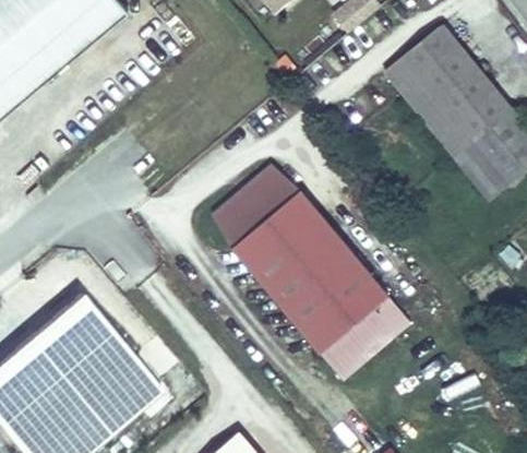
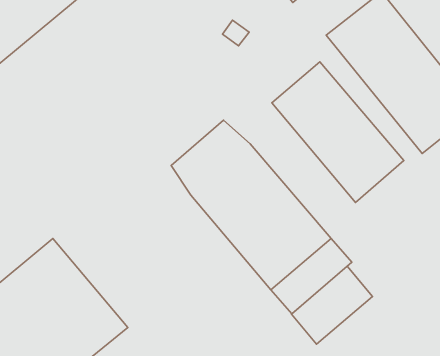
building: none -> [272,62,404,202]
building: none -> [291,266,373,344]

